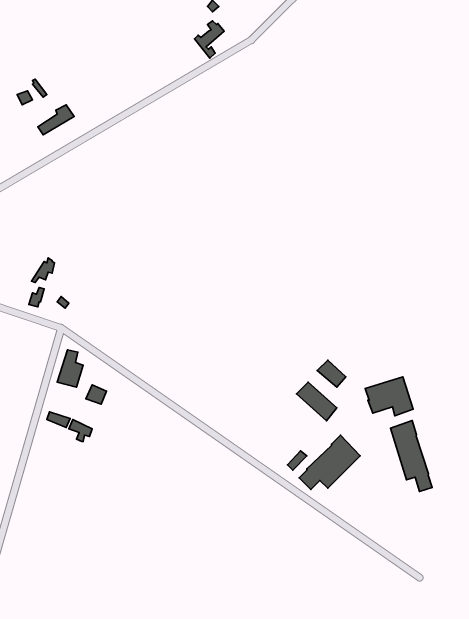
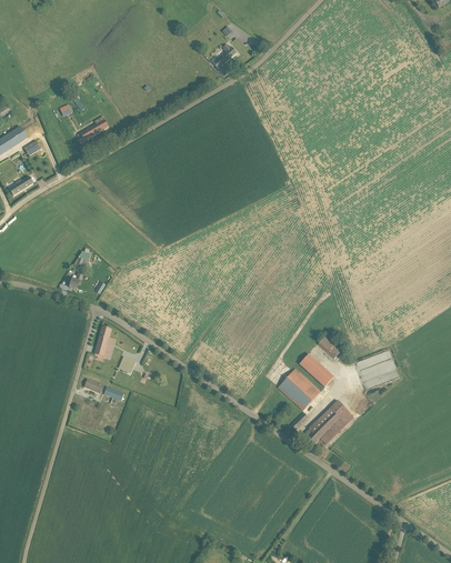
building: none -> [277,368,319,410]
building: [391,420,432,491] -> none

